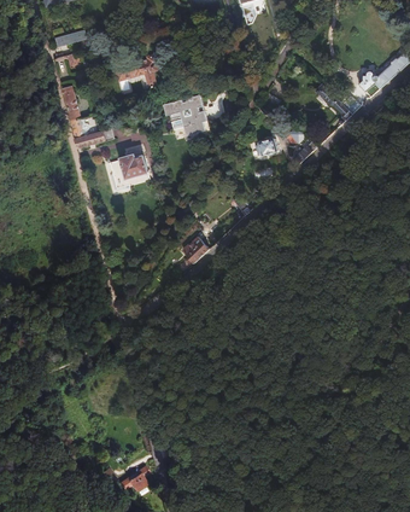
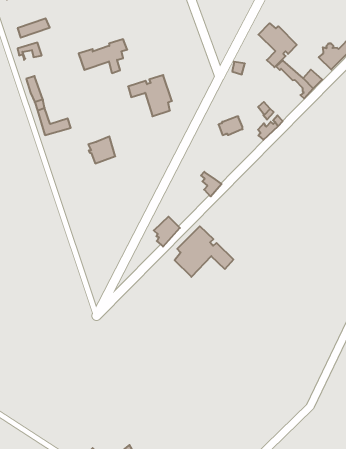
building: none -> [258,23,297,67]
building: none -> [175,226,233,277]

